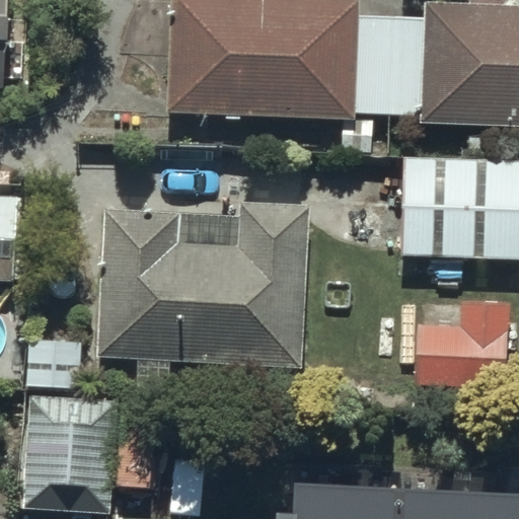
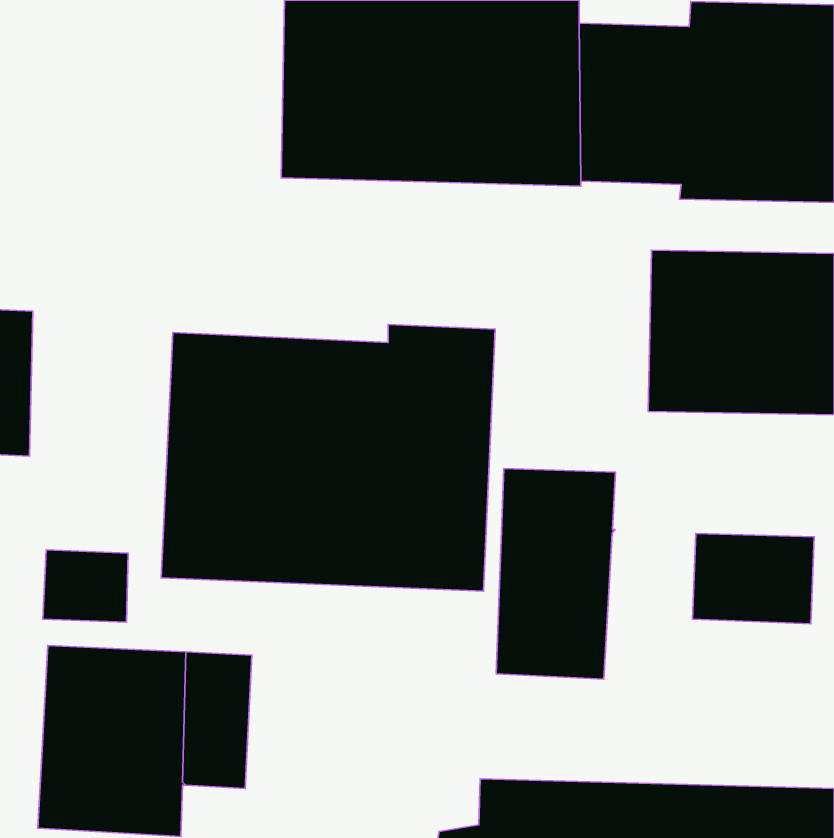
building: none -> [496,468,616,679]

